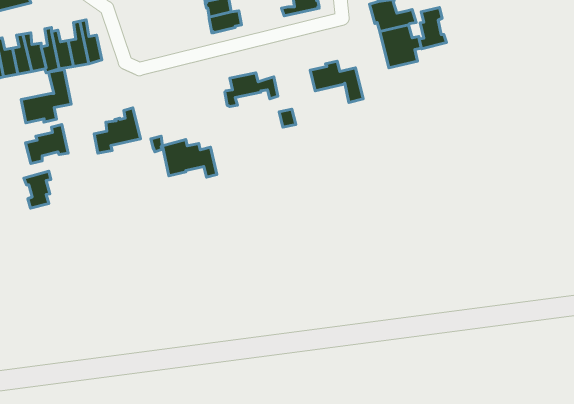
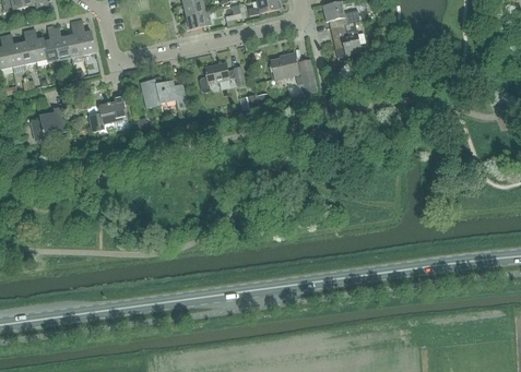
building: [419,8,446,49] -> none
building: [21,69,71,123] -> none
building: [163,139,217,177] -> [141,77,187,109]
building: [24,171,51,208] -> none

